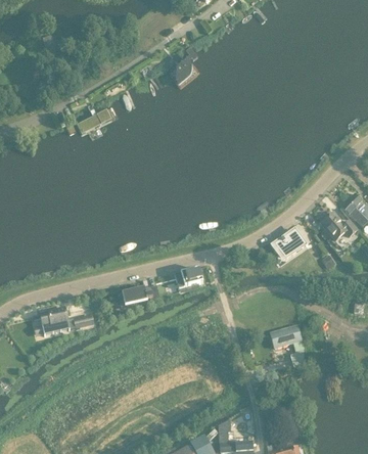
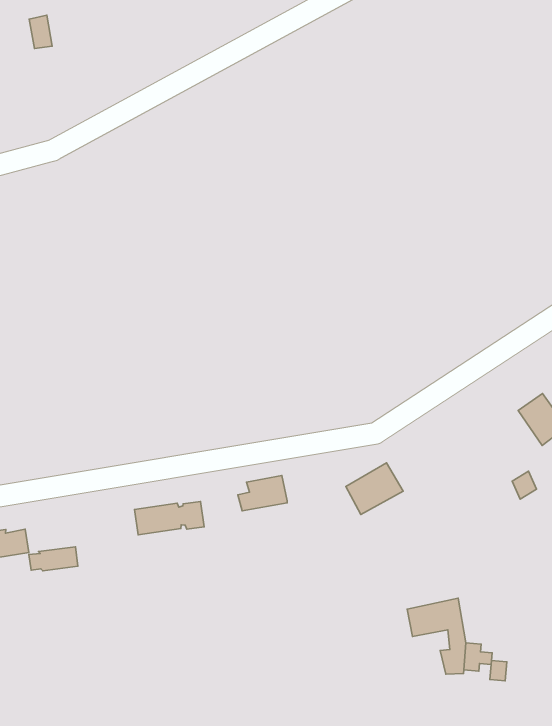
building: [274,228,305,257] -> [346,463,403,515]

